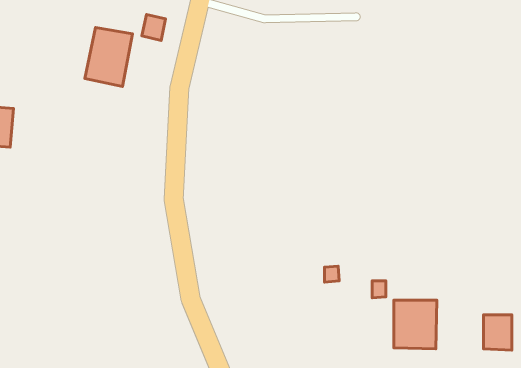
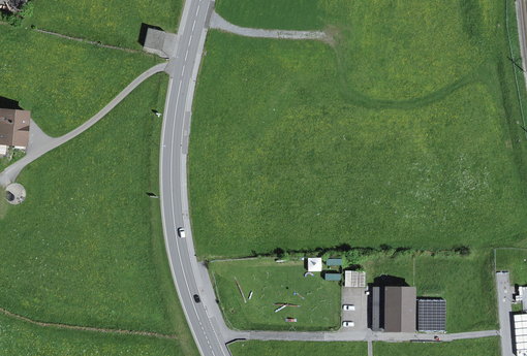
building: [85,27,133,86] -> none
building: [484,315,512,350] -> [420,299,445,331]

